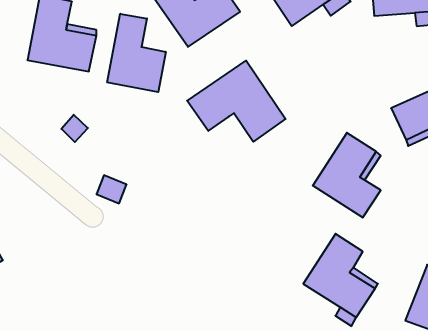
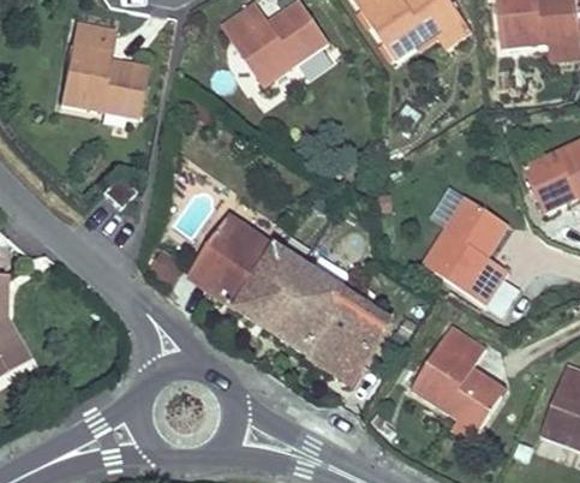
building: [107,14,166,92] -> none
building: [187,61,286,142] -> none
building: none -> [190,215,390,382]

